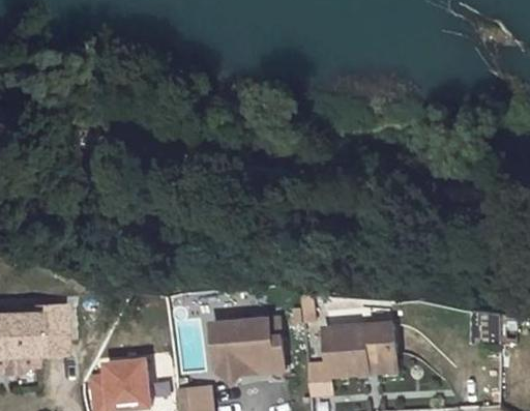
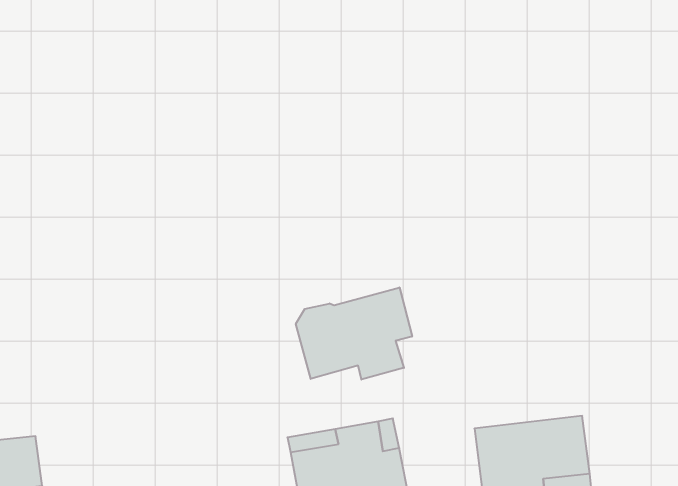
building: none -> [296,287,412,380]

